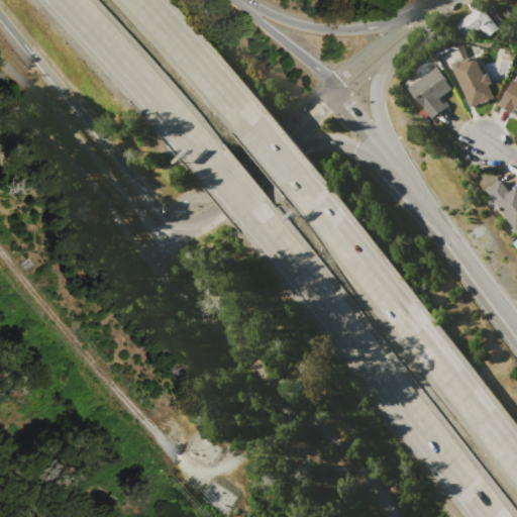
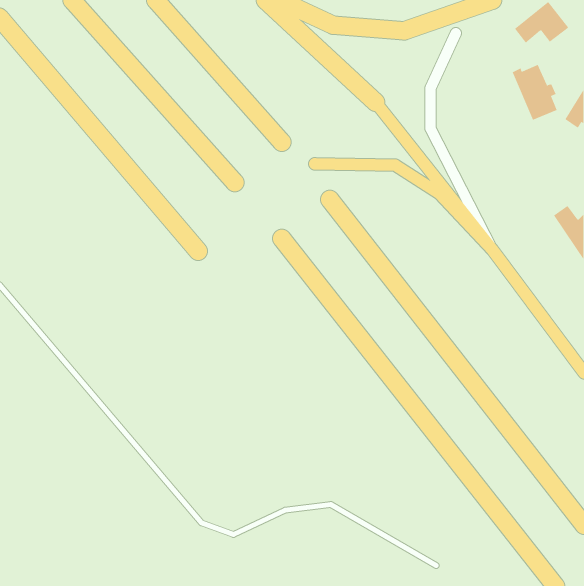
building: [409,67,452,117] -> none

